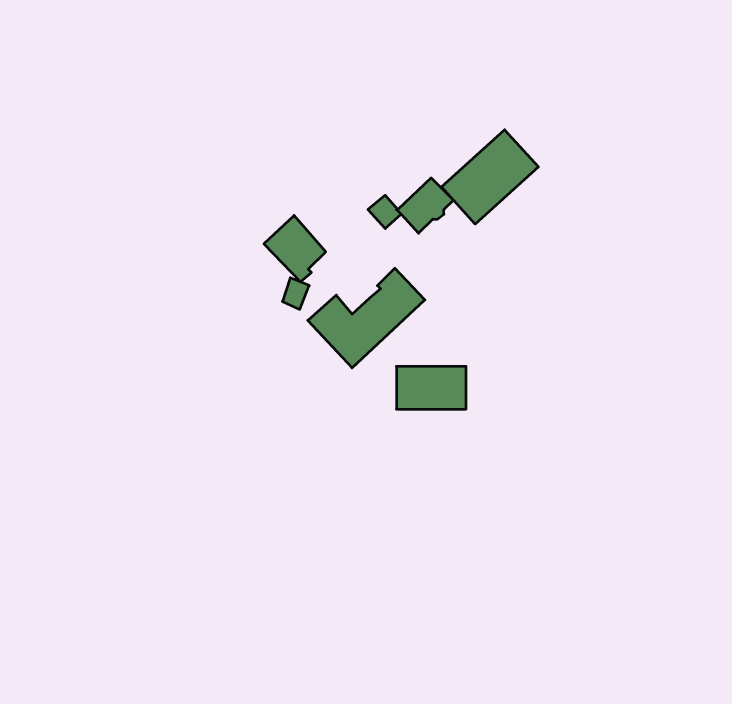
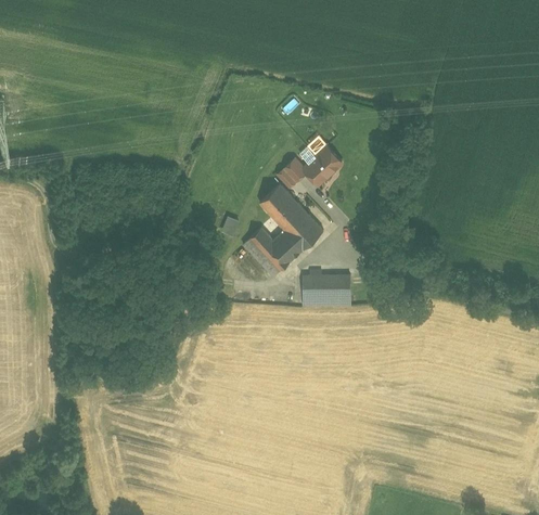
building: [442,130,538,224] -> none
building: [264,215,326,282] -> [259,183,301,229]

